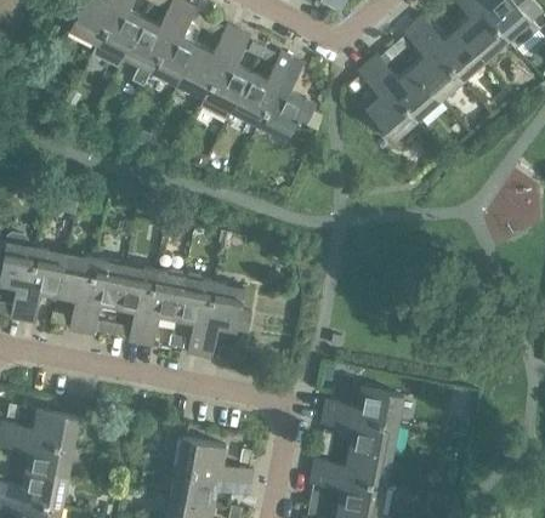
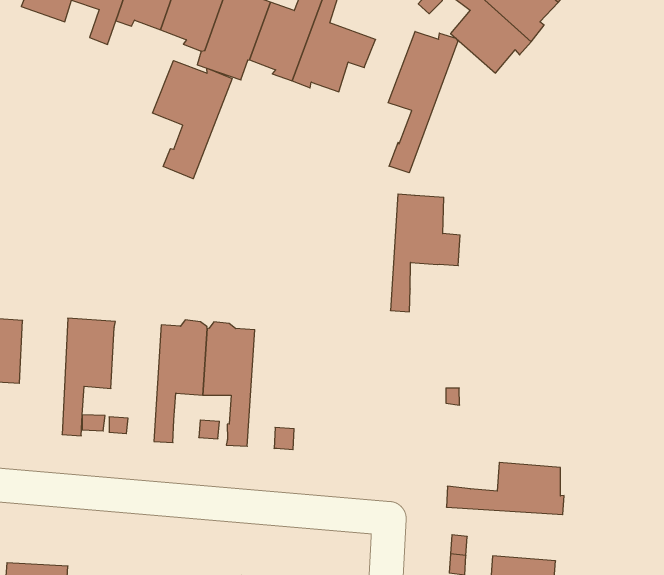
building: none -> [153,61,232,179]
building: none -> [388,31,458,173]
building: [59,256,96,332] -> none
building: [118,268,155,345] -> none
building: [200,281,251,358] -> [390,194,460,312]
building: [320,411,397,455] -> none

